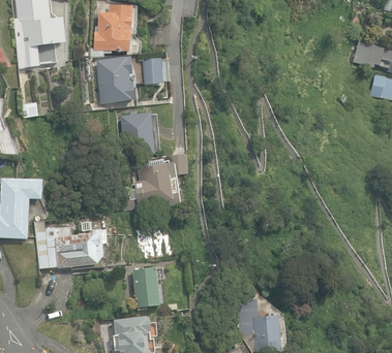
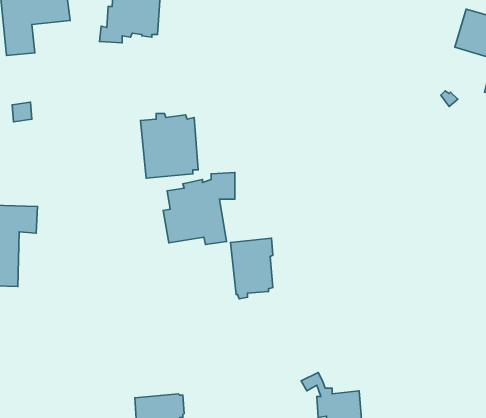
building: [92,57,132,103] -> none
building: [144,58,162,84] -> none
building: [34,221,103,267] -> none
building: [132,266,163,311] -> [231,238,273,299]

